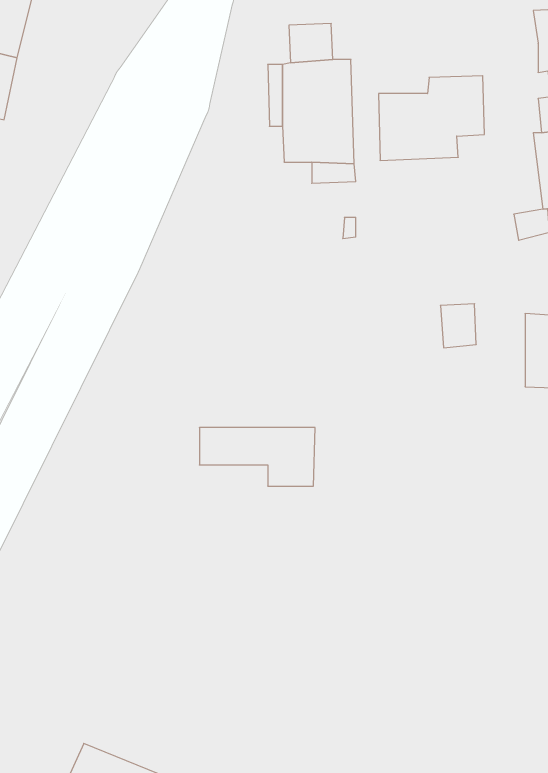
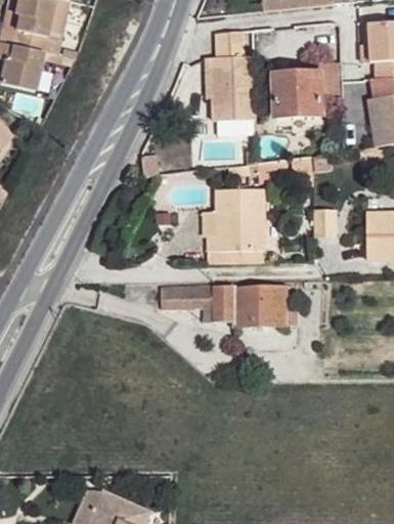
building: none -> [194,189,259,253]
building: none -> [231,287,281,329]

